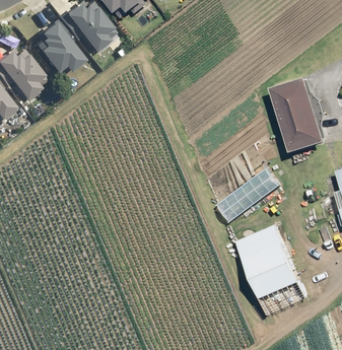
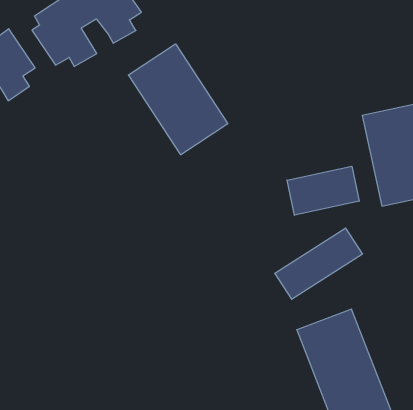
building: none -> [128,44,228,155]
building: none -> [287,166,359,215]

